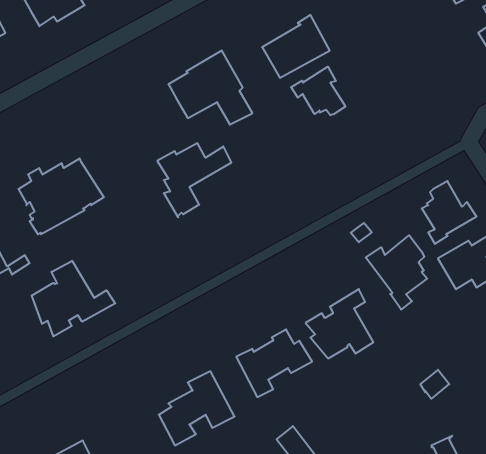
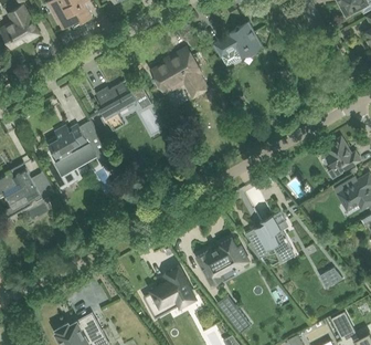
building: [291,67,345,115] -> none
building: [157,143,231,217] -> [95,82,146,133]
building: [366,235,427,310] -> none
building: [32,261,115,336] -> none

